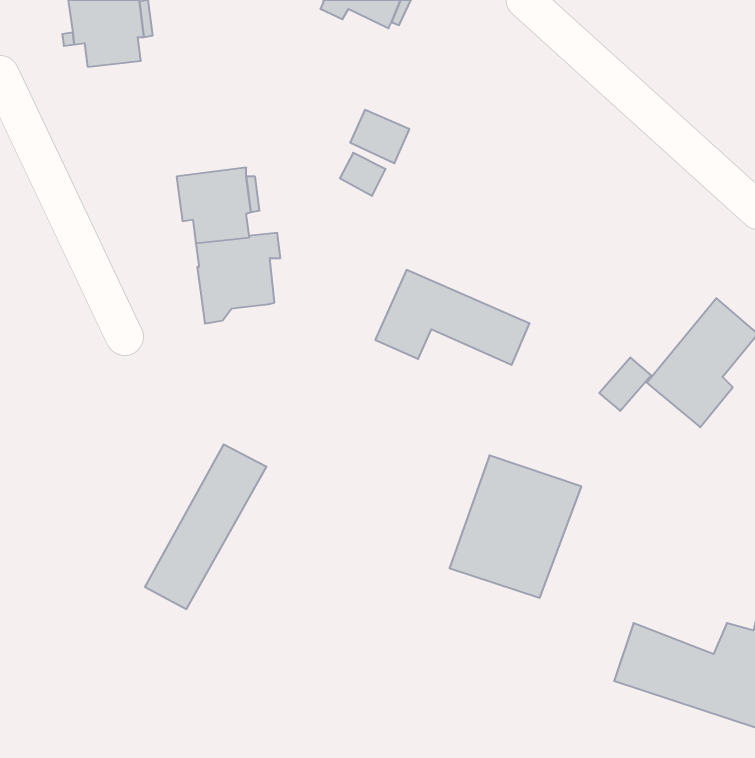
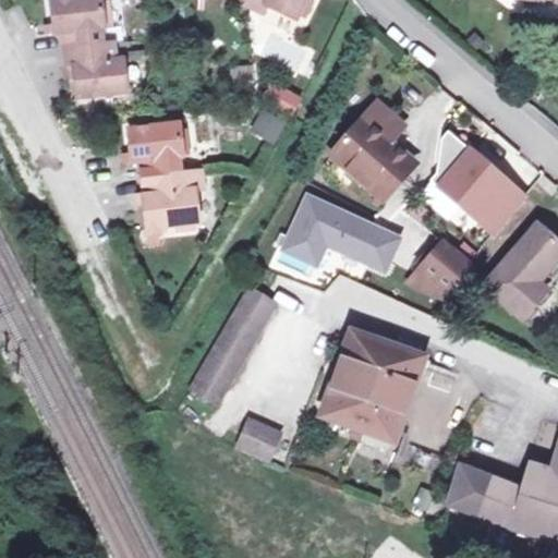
building: none -> [66,43,130,98]
building: none -> [325,101,407,197]
building: none -> [423,129,517,229]
building: none -> [414,239,465,289]
building: [145,444,267,609] -> [195,280,284,401]
building: none -> [239,421,280,460]

